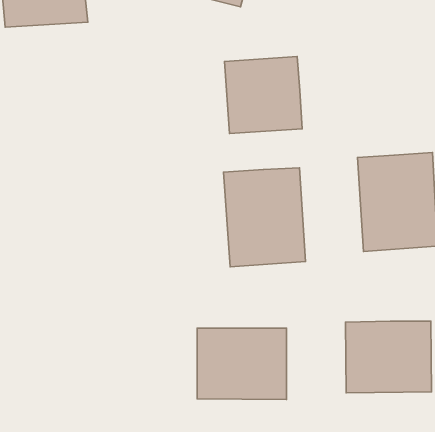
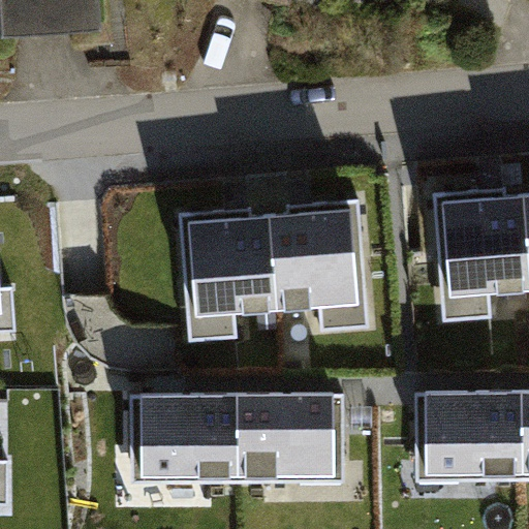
building: [224,56,302,134] -> none
building: none -> [181,210,280,330]
building: none -> [131,398,240,484]

